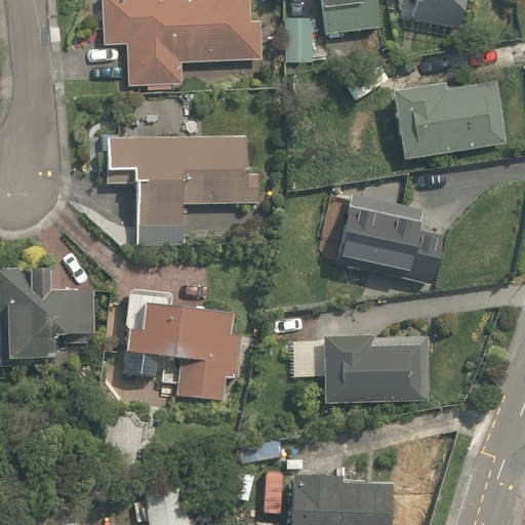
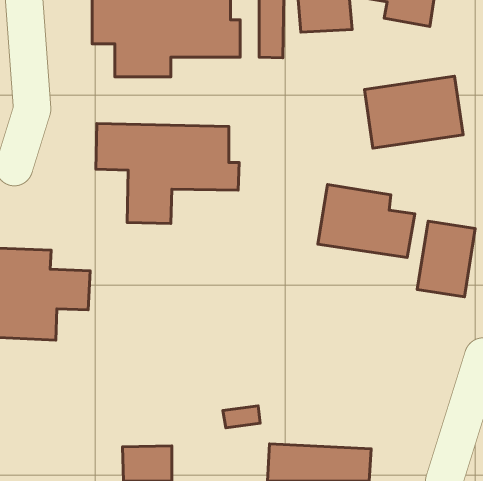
building: none -> [417,221,475,297]
building: [124,294,244,404] -> none
building: [289,336,428,404] -> none

